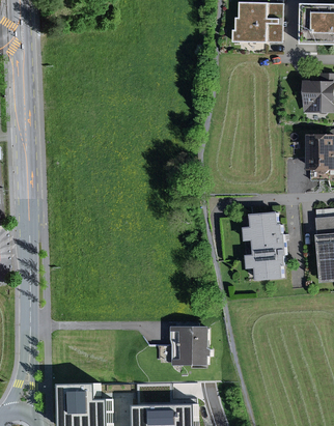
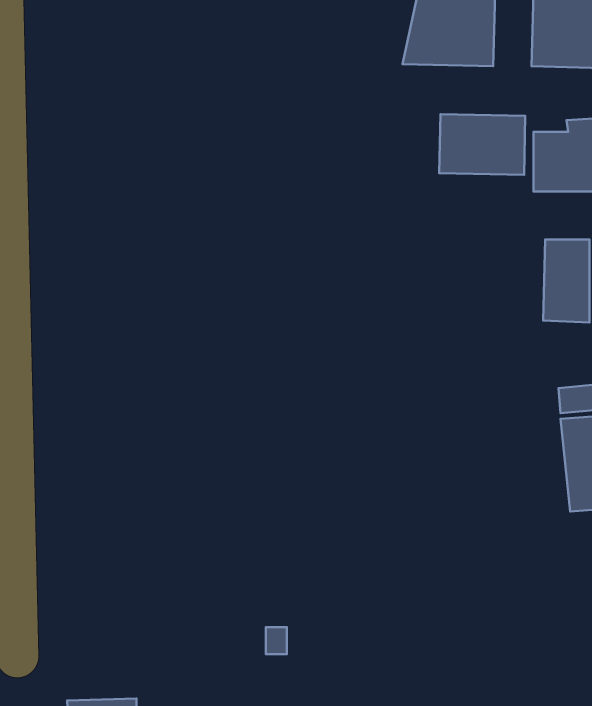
building: none -> [439,114,525,175]
building: [244,211,287,280] -> none
building: [171,326,208,364] -> none

